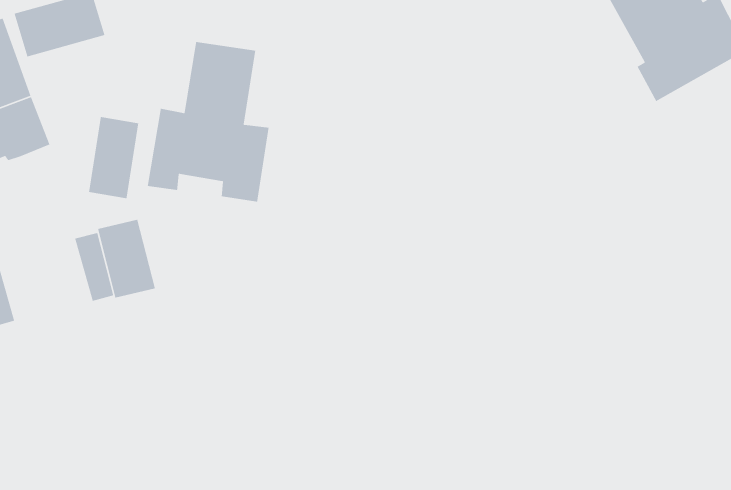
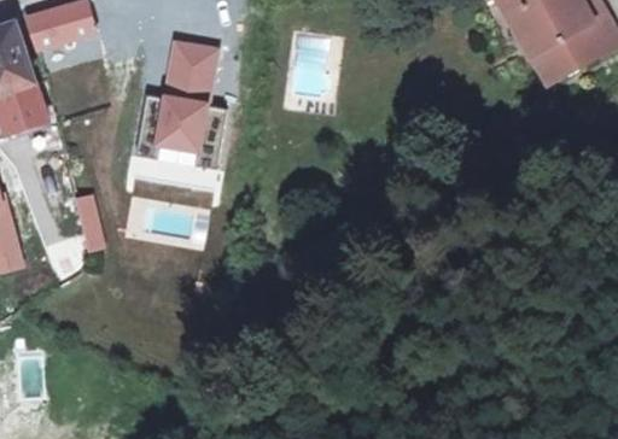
building: [88,116,139,199] -> none
building: [97,219,156,299] -> none

